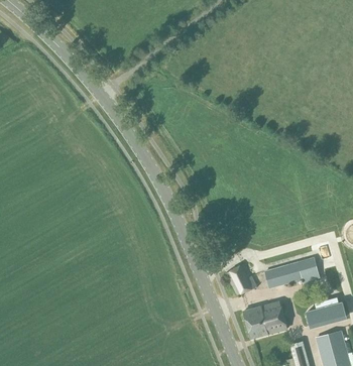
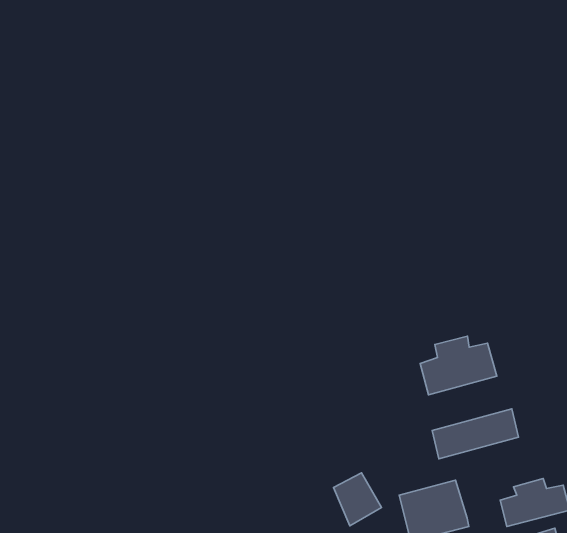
building: none -> [420,336,497,395]
building: [226,263,255,295] -> [333,473,381,526]

